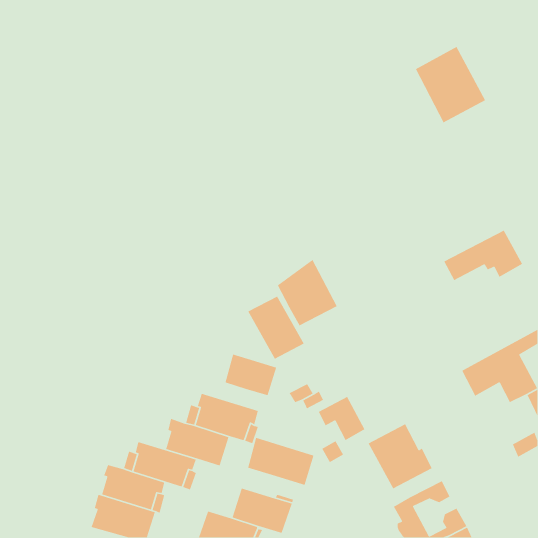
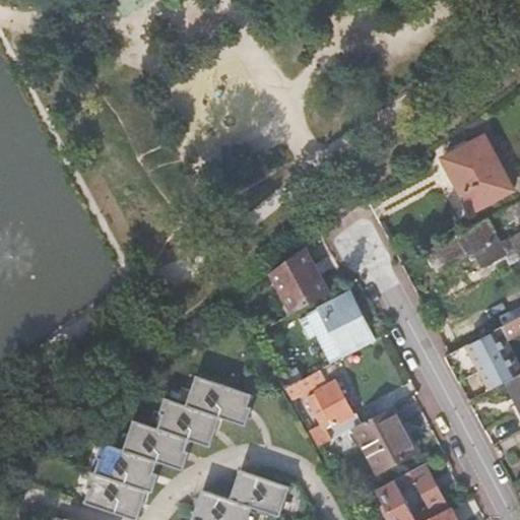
building: [415,46,486,124] -> [444,138,513,213]
building: [247,295,305,360] -> [318,294,374,355]
building: [224,353,277,396] -> none
building: [247,437,315,486] -> none

